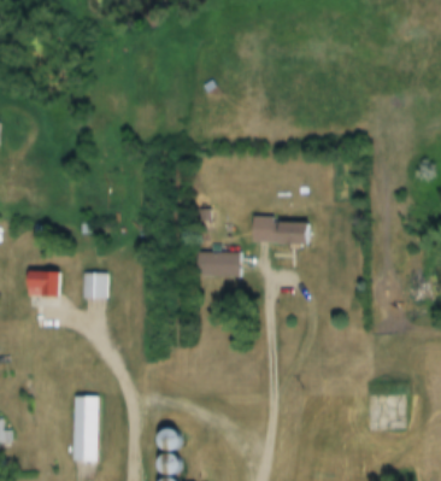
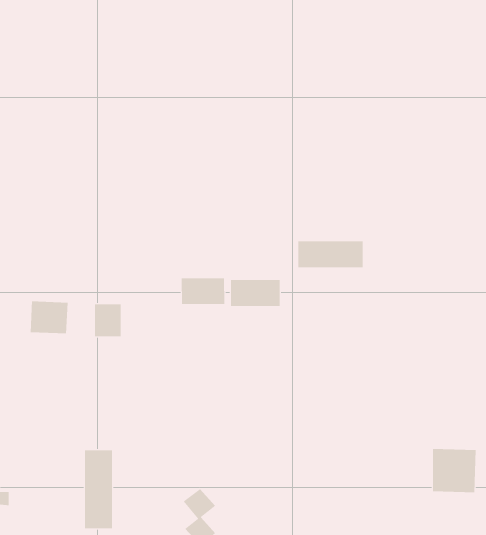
building: none -> [181,278,225,305]

